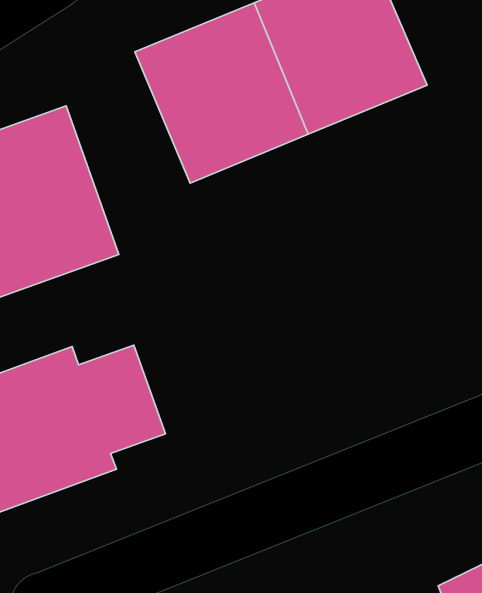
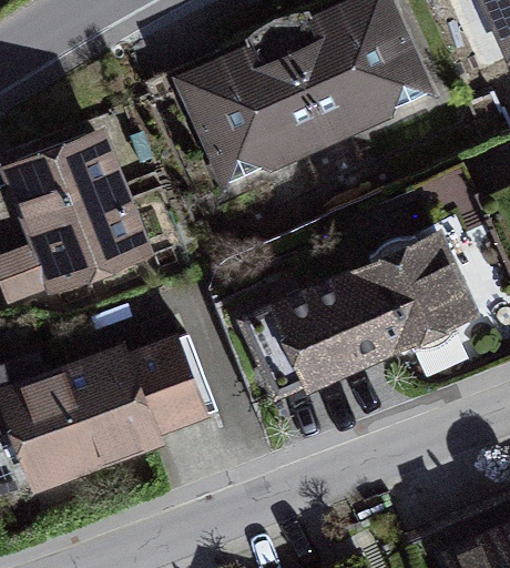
building: none -> [263,231,473,388]

